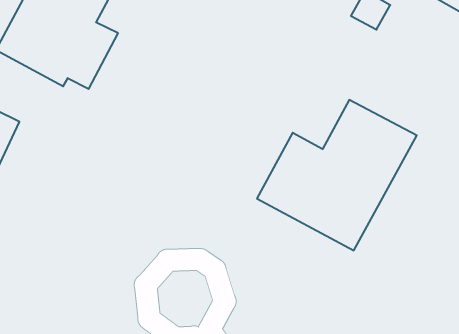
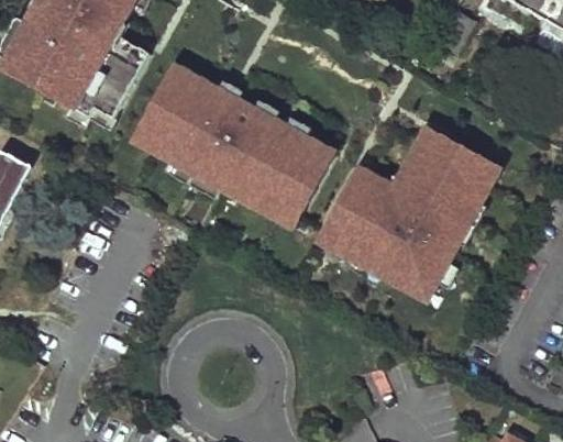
building: none -> [128,62,339,234]

